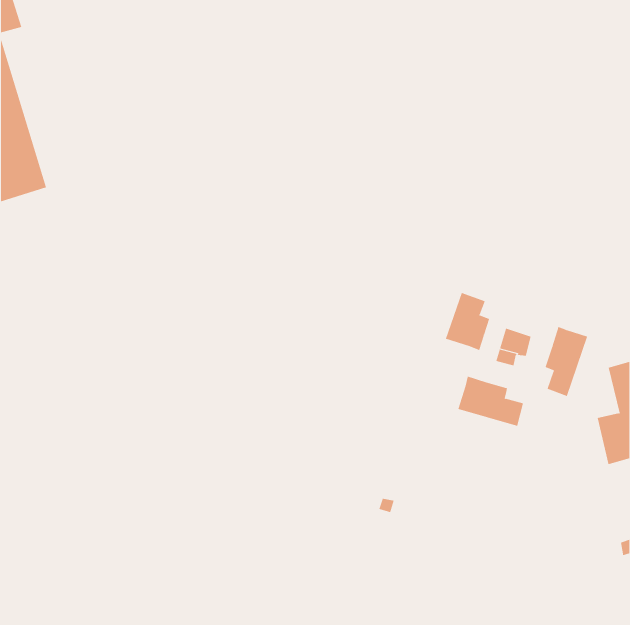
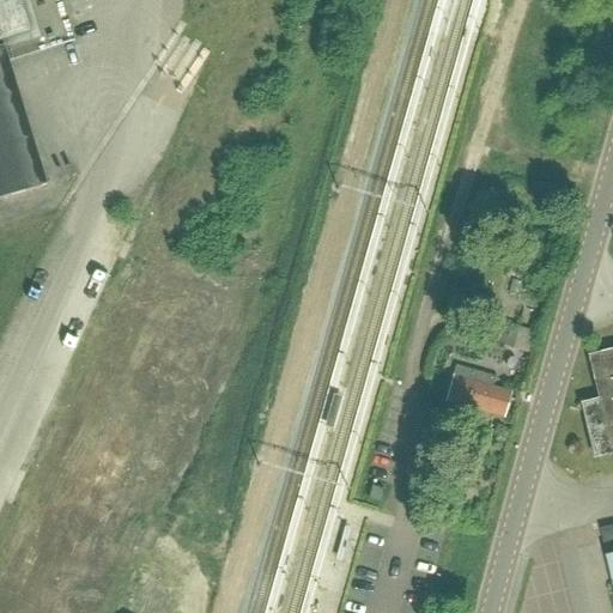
building: [445,292,490,351] -> none
building: [545,326,588,397] -> none

